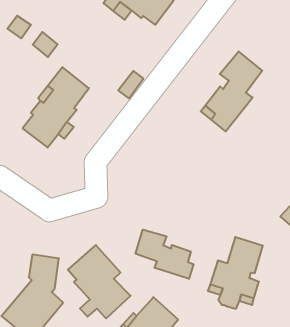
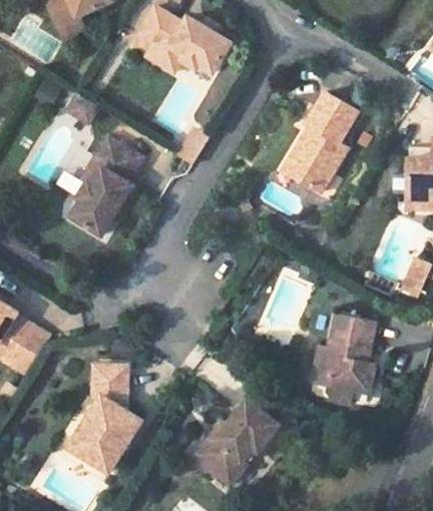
building: [136,230,194,279] -> none
building: [68,245,131,318] -> none

